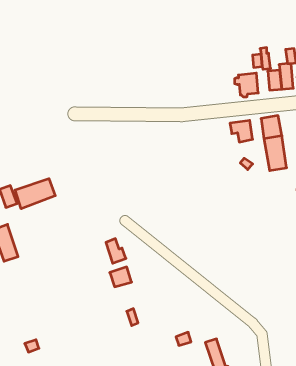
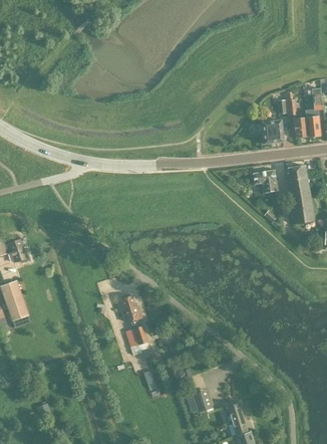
building: [15,179,55,209] -> none

